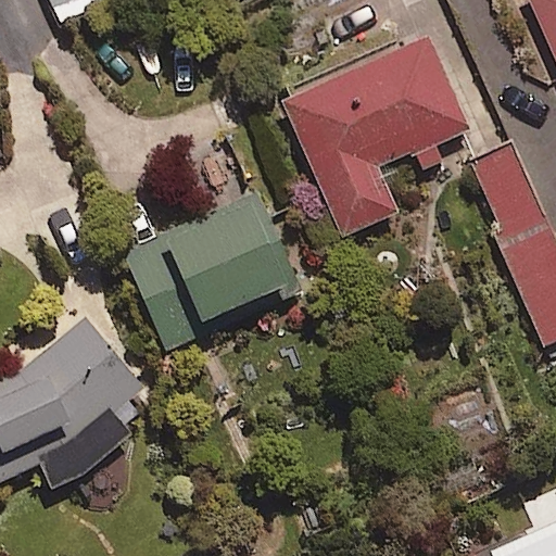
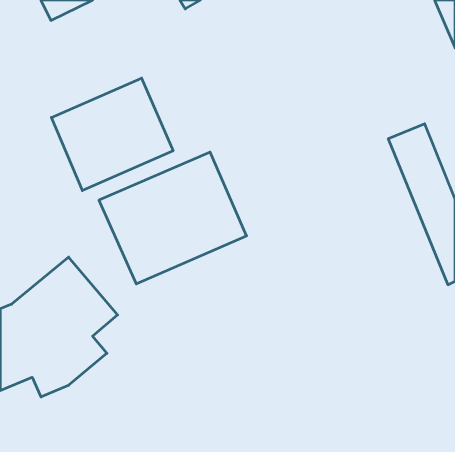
building: [279,34,470,238] -> none
building: none -> [51,78,173,191]

